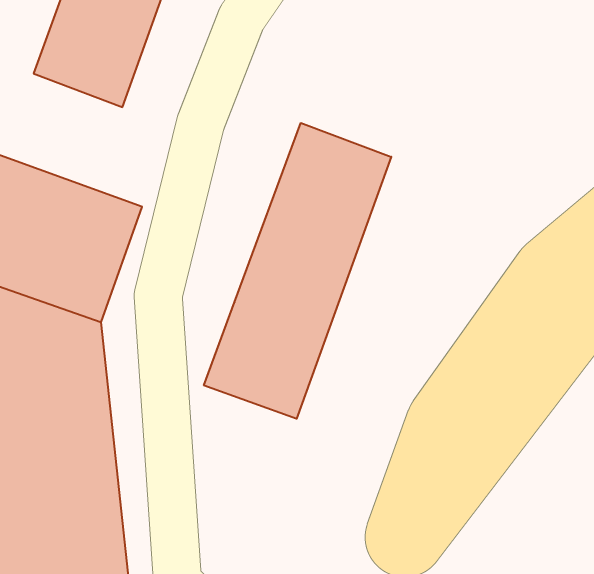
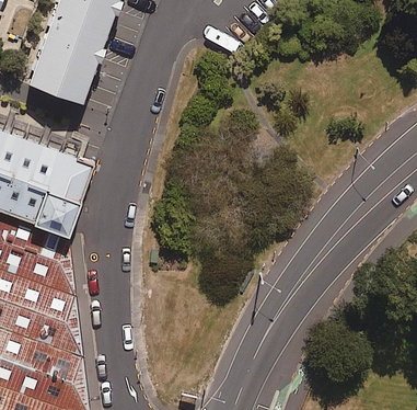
building: [204,123,391,419] -> none

